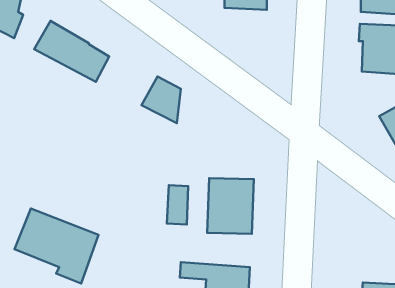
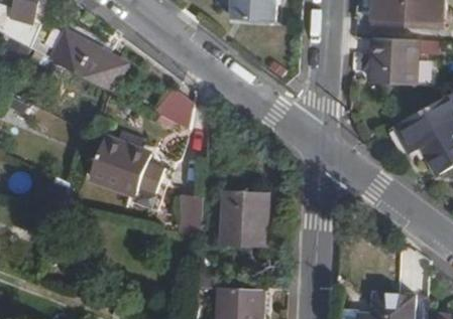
building: [15,208,99,283] -> [88,143,172,217]

